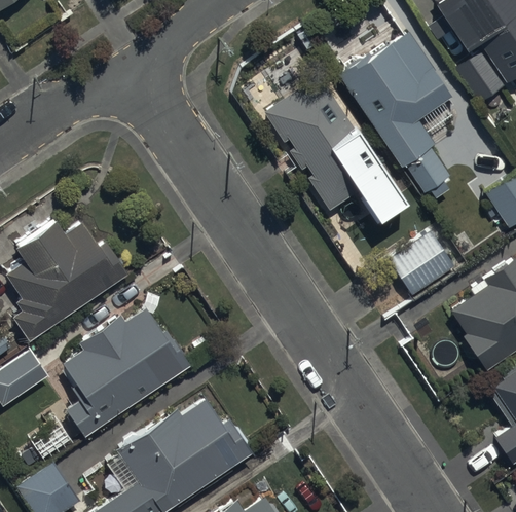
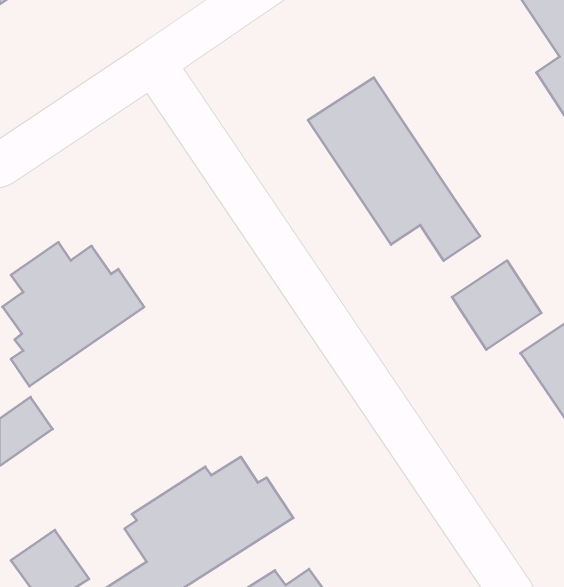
building: [340,39,459,204] -> none
building: [61,305,190,435] -> none

